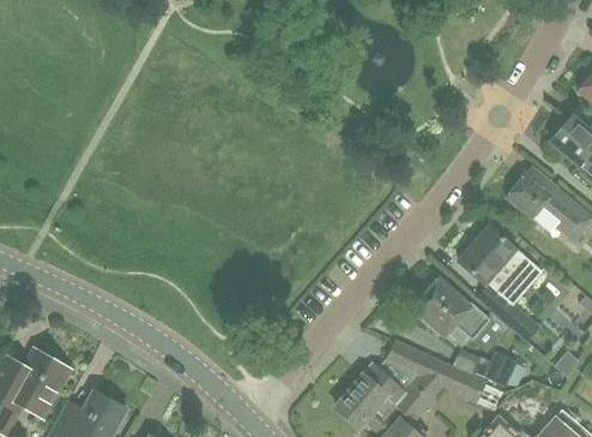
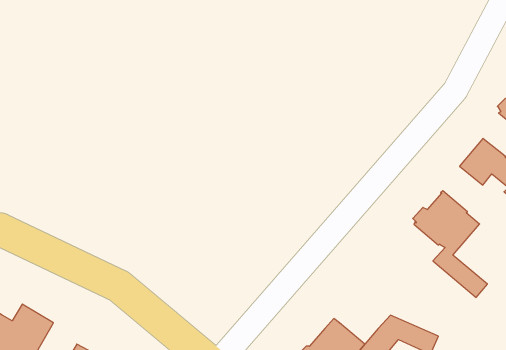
building: [417,282,491,347] -> none
building: [388,342,434,375] -> none
building: [473,352,518,388] -> none

